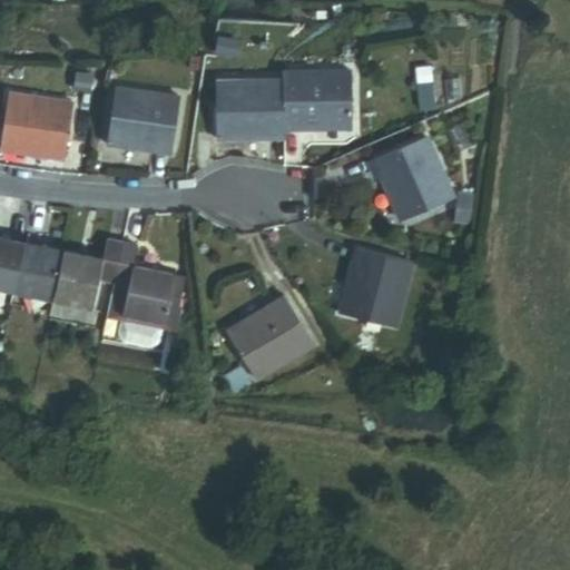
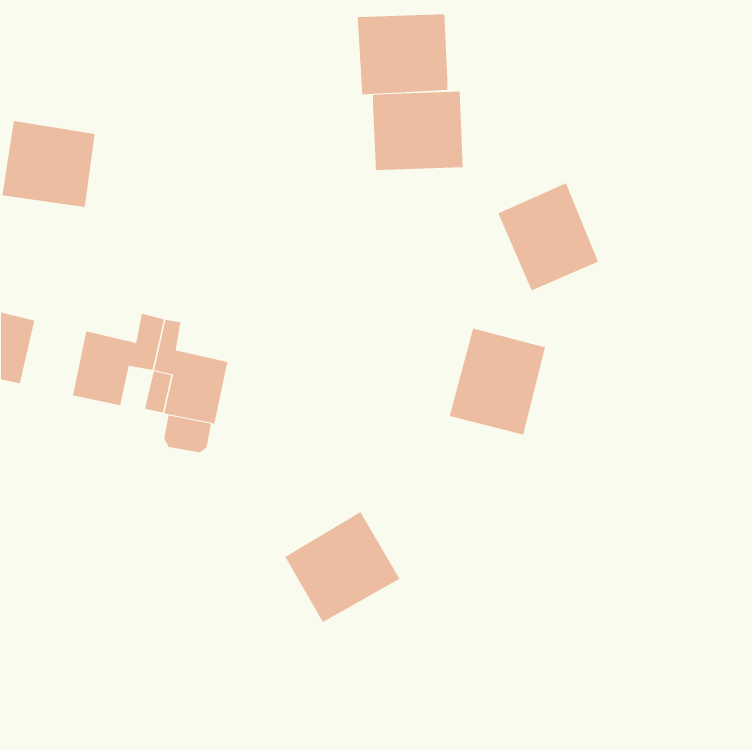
building: [215,80,284,141] -> [357,14,448,95]
building: [105,86,179,155] -> none
building: [16,243,65,299] -> none
building: [227,297,315,382] -> [284,511,401,623]

